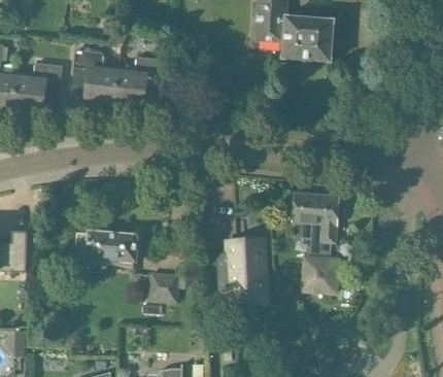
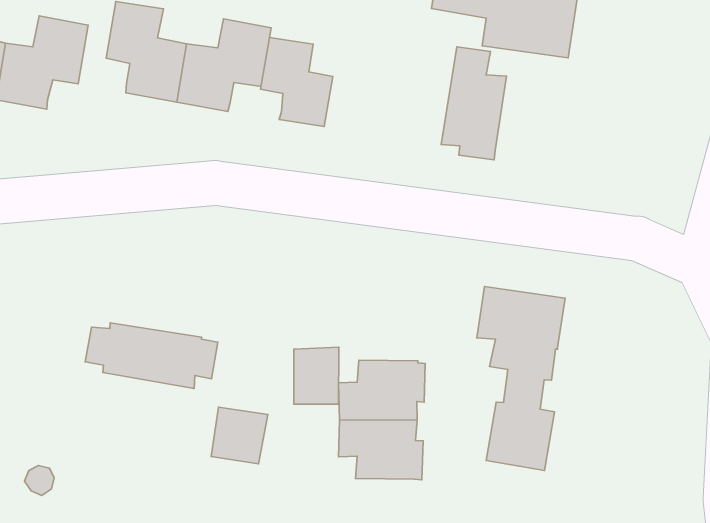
building: none -> [441,47,507,160]
building: none -> [261,37,333,127]
building: none -> [294,347,339,404]

